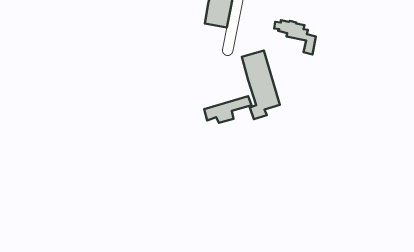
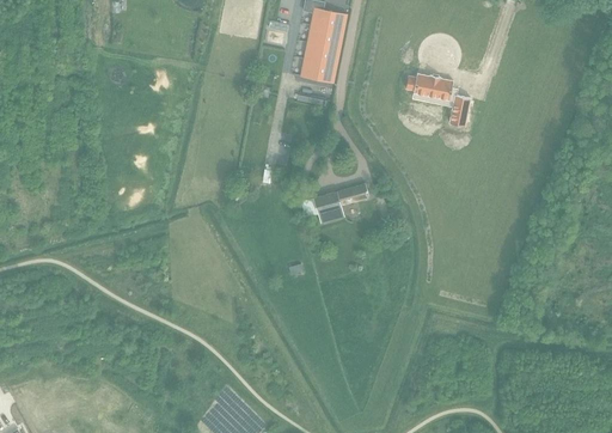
building: [242,51,280,119] -> none

